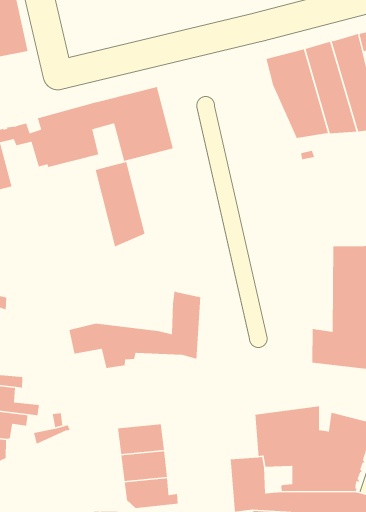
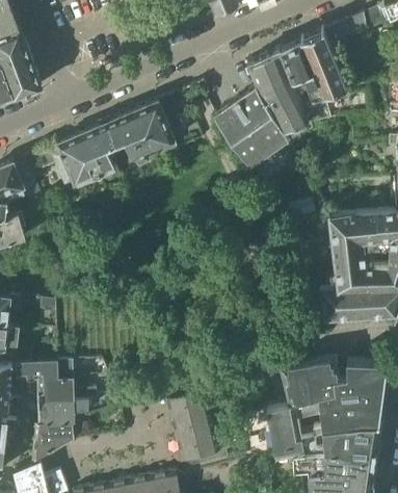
building: none -> [214,87,287,167]
building: [95,161,145,247] -> none
building: [69,291,201,369] -> none

